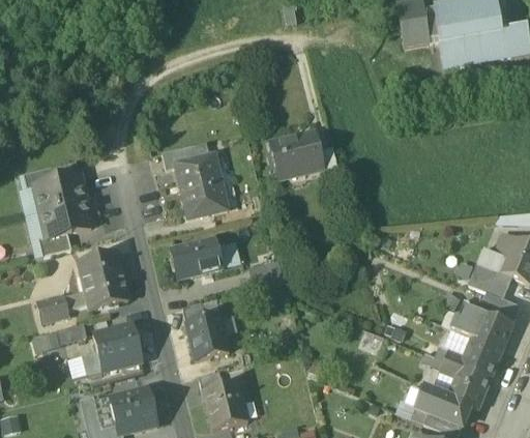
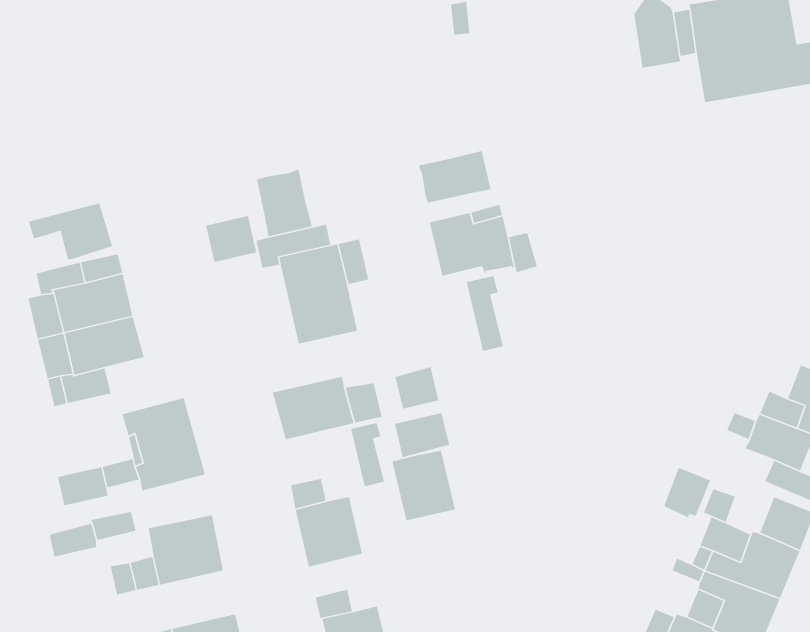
building: none -> [418,150,491,203]
building: none -> [256,169,313,237]
building: none -> [28,202,113,260]
building: none -> [205,215,257,263]
building: none -> [466,275,504,352]
building: none -> [394,366,439,410]
building: none -> [350,422,385,487]
building: none -> [391,450,456,521]
building: [457,305,487,338] -> [663,467,711,518]

